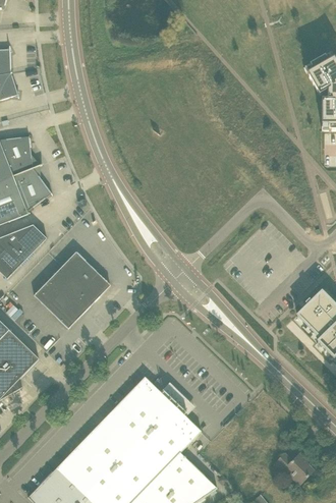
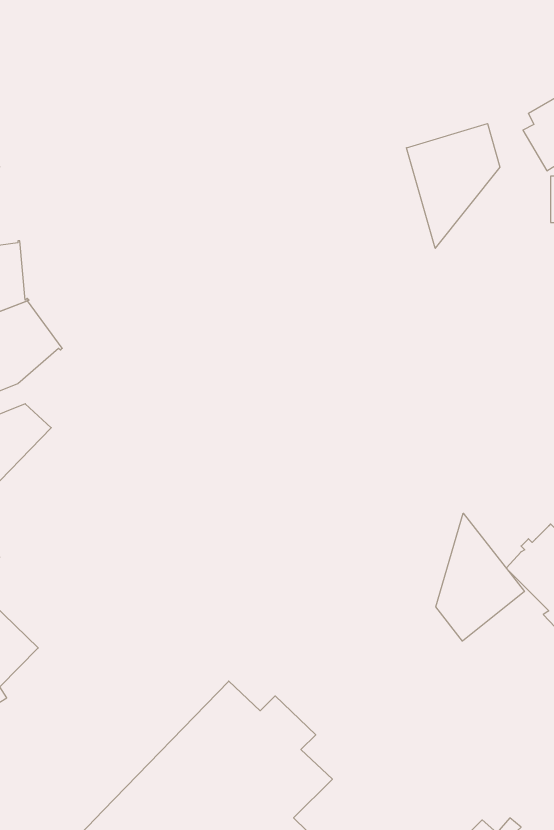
building: none -> [406,124,500,248]
building: [34,250,110,327] -> none
building: none -> [436,513,524,641]

